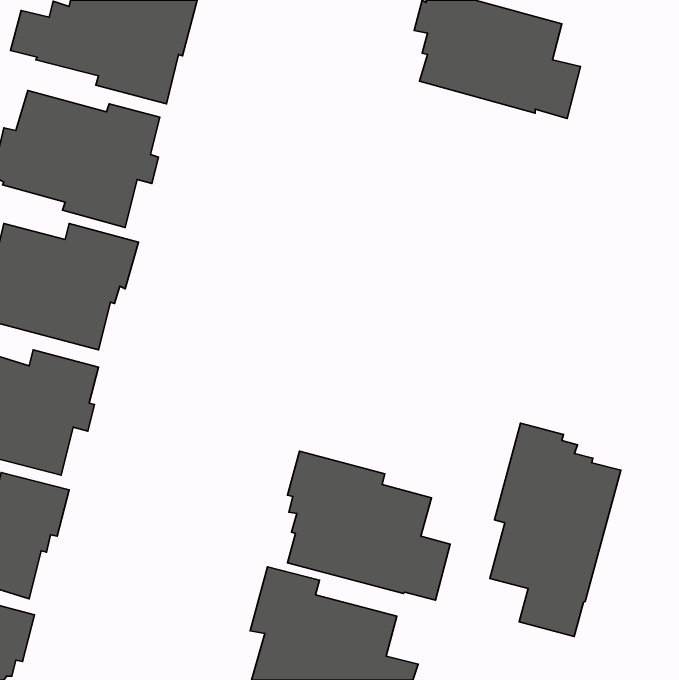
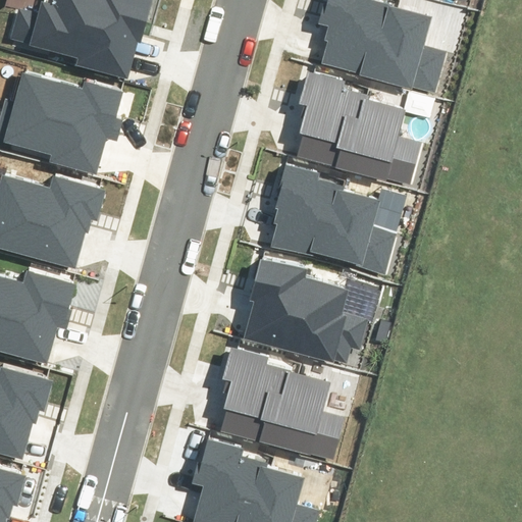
building: none -> [296,68,423,184]
building: none -> [272,163,397,275]
building: none -> [242,255,367,363]
building: [490,423,621,637] -> none

